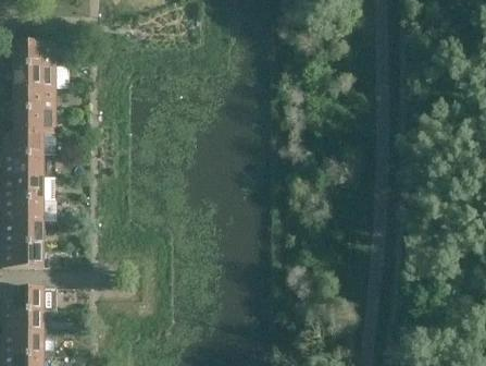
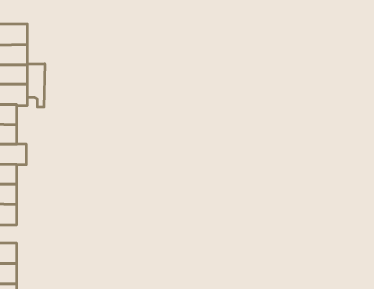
building: none -> [27,64,45,107]

